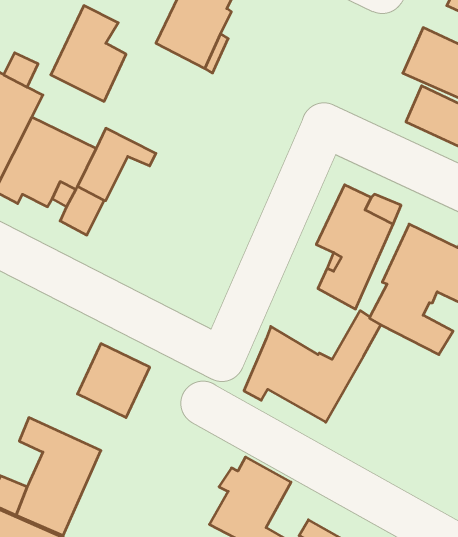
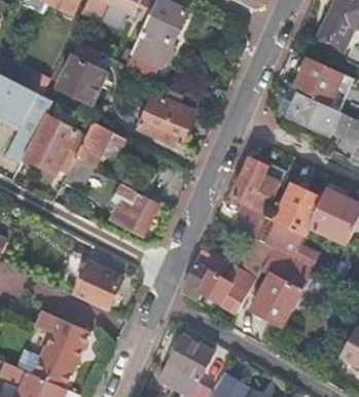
building: none -> [138,91,194,147]
building: none -> [108,183,158,236]
building: none -> [250,249,311,327]

